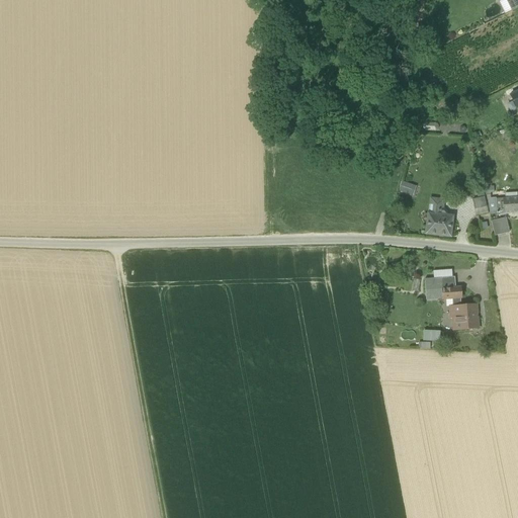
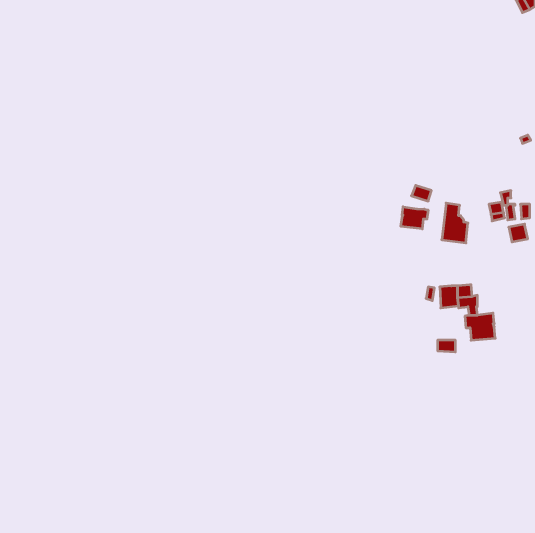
building: none -> [401,207,428,229]

